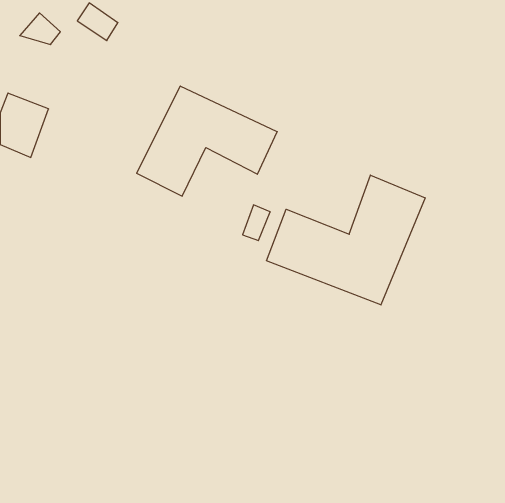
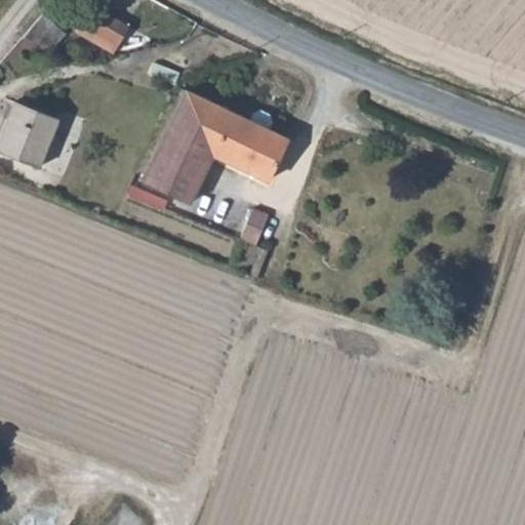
building: [267,175,425,305] -> none

